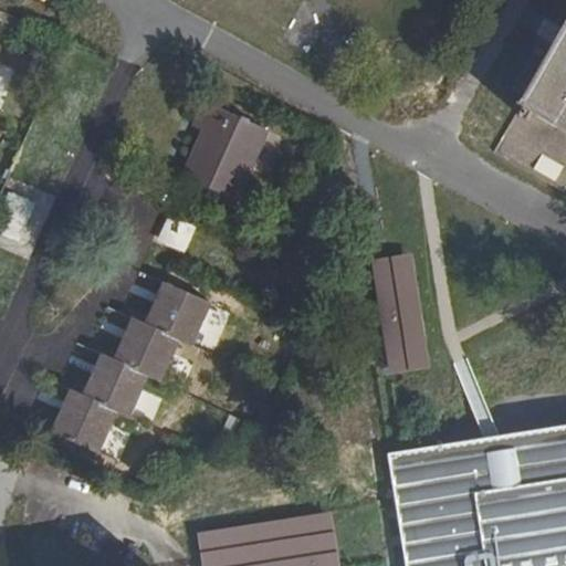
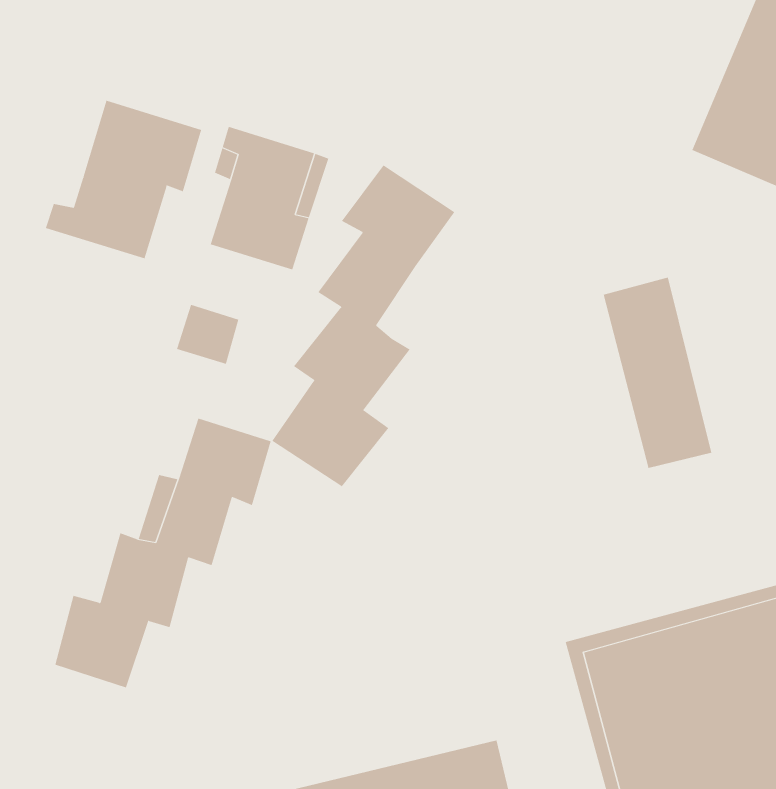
building: none -> [45,100,202,259]
building: none -> [272,165,455,487]
building: [370,252,429,373] -> [603,277,712,469]

